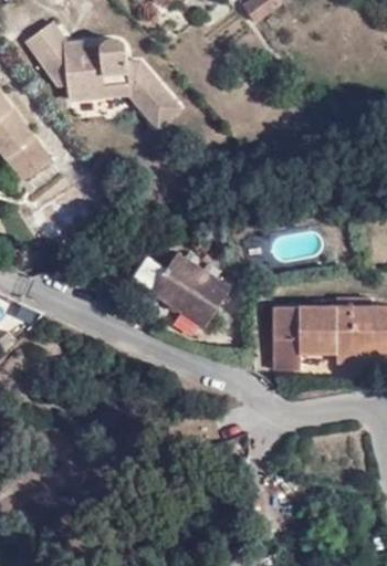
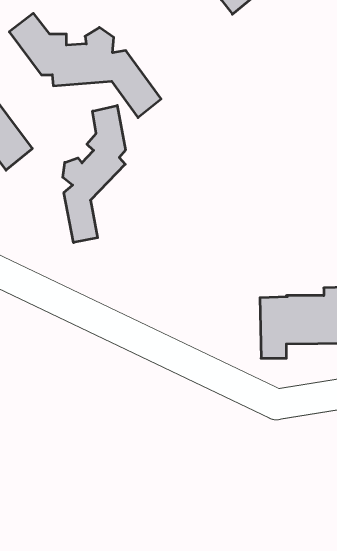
building: none -> [63,105,125,243]
building: [153,251,233,328] -> none

